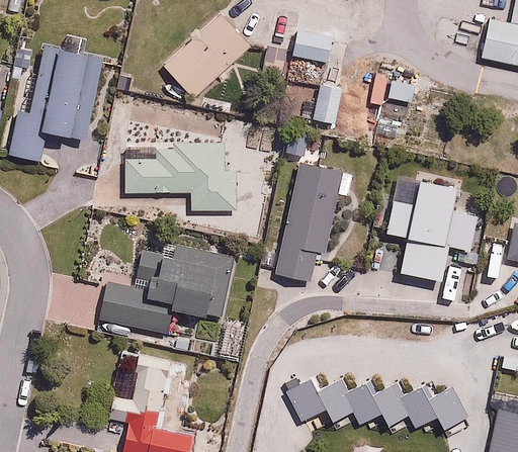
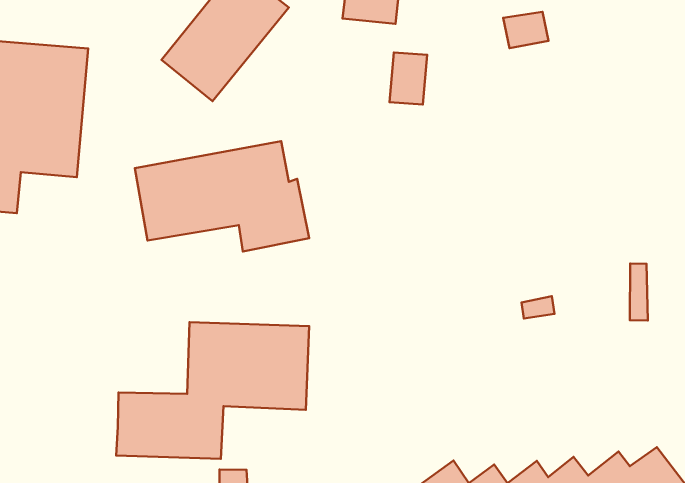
building: [277,164,341,281] -> none
building: [377,184,474,280] -> none

